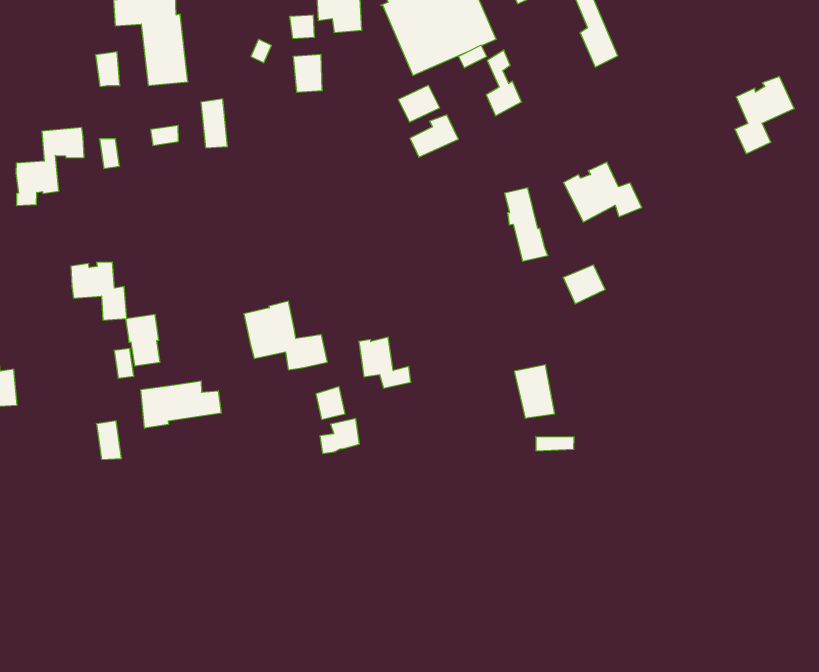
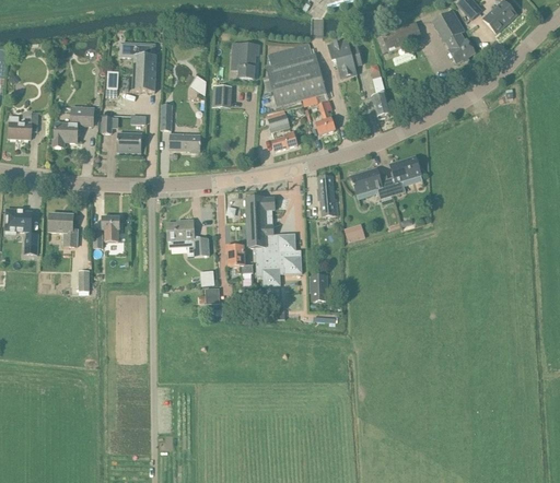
building: [735,76,794,154] -> [387,156,421,196]
building: none -> [170,133,201,153]
building: none -> [117,132,142,152]
building: none -> [246,197,302,285]
building: [71,262,127,320] -> [49,213,78,246]
building: [141,381,221,428] -> none

